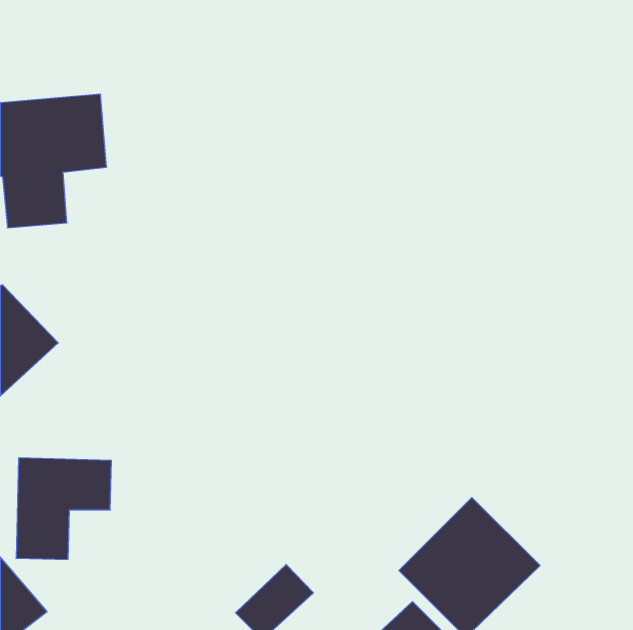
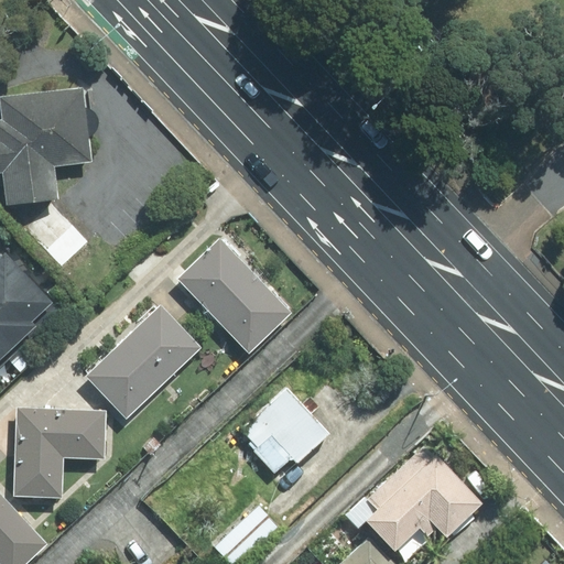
building: none -> [176,237,292,356]
building: none -> [84,302,203,419]
building: none -> [235,384,333,481]

